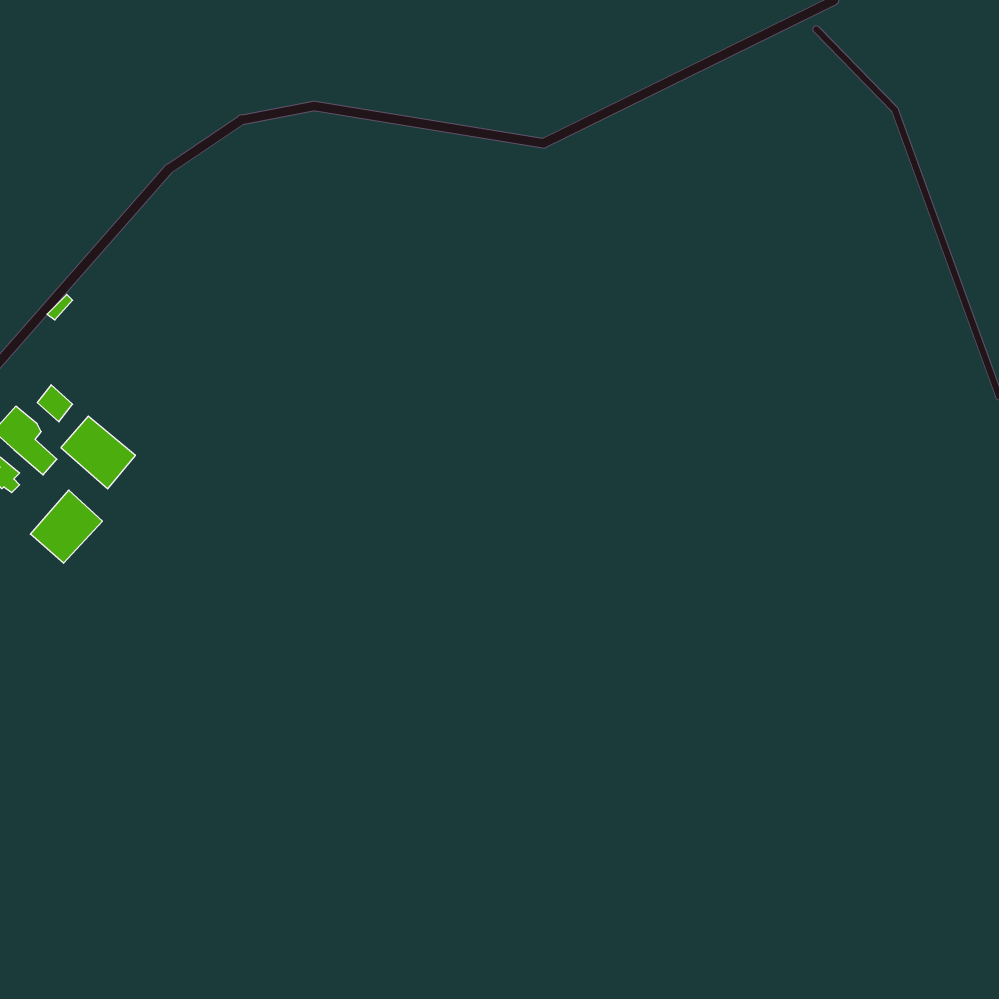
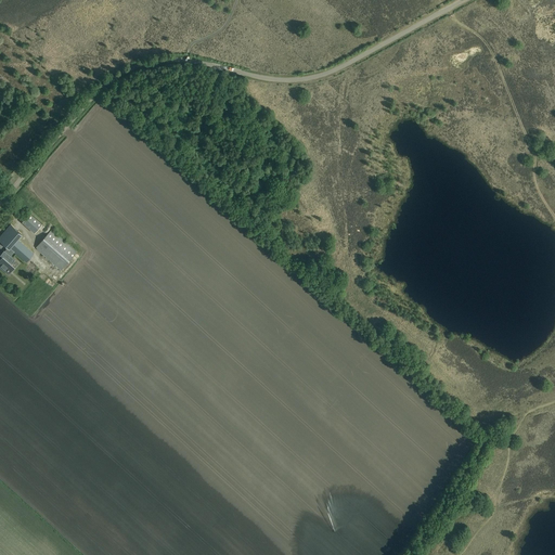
building: [30,490,102,563] -> none

